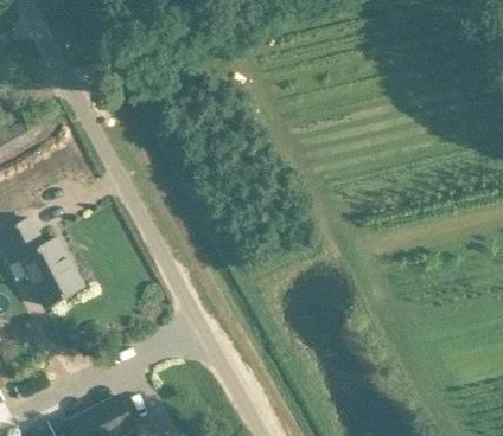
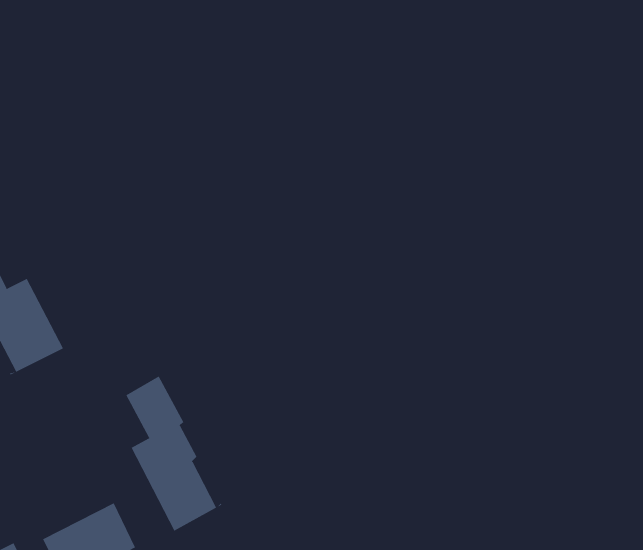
building: none -> [125,375,222,531]

